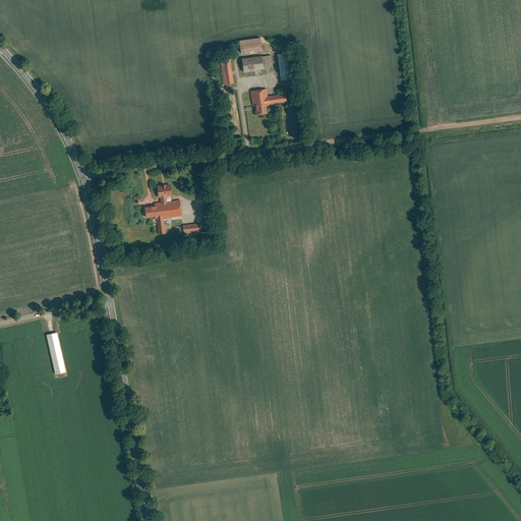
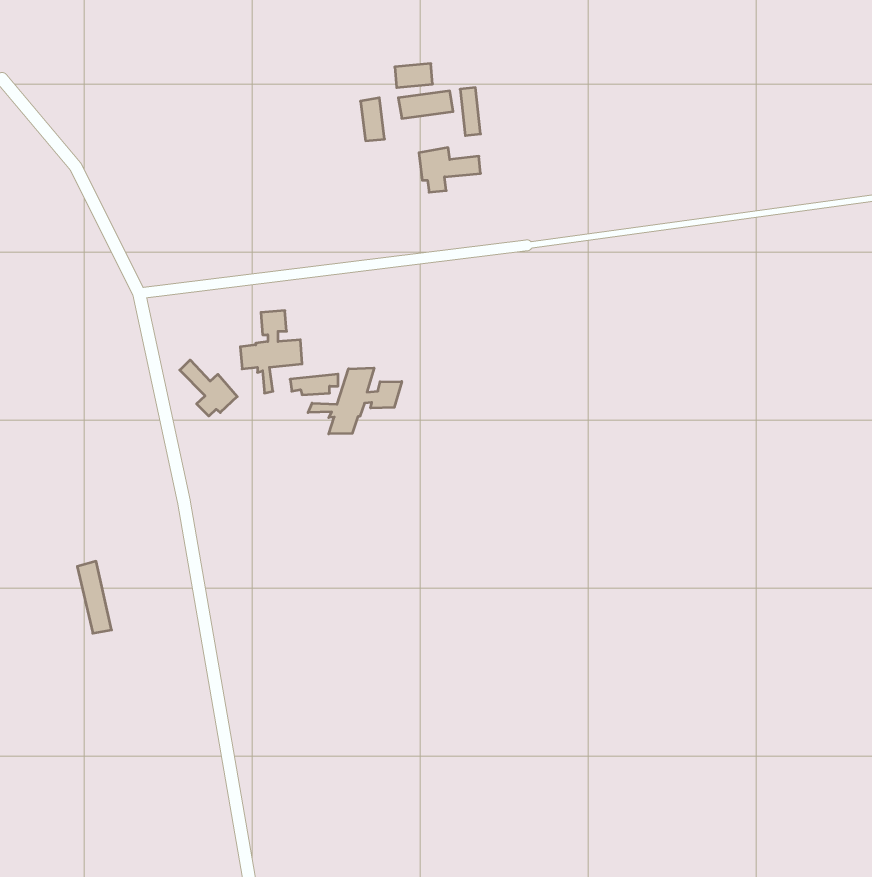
building: none -> [180,360,237,416]
building: none -> [308,368,402,434]

